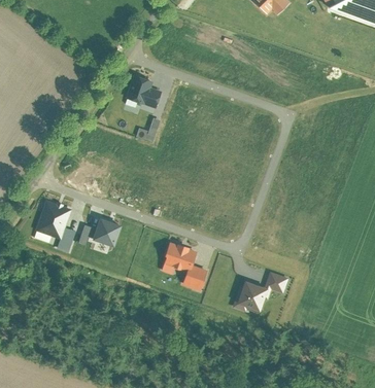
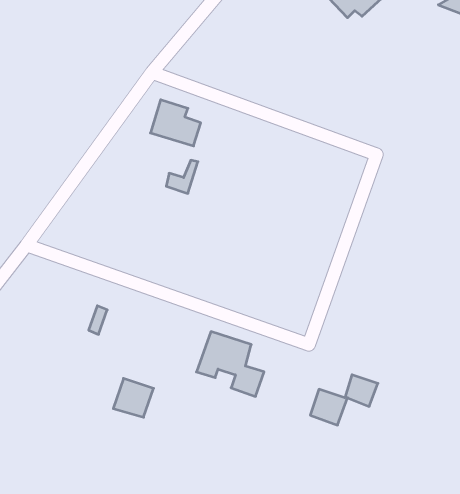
building: [32,200,73,249] -> none
building: [92,219,121,247] -> [113,378,154,417]

